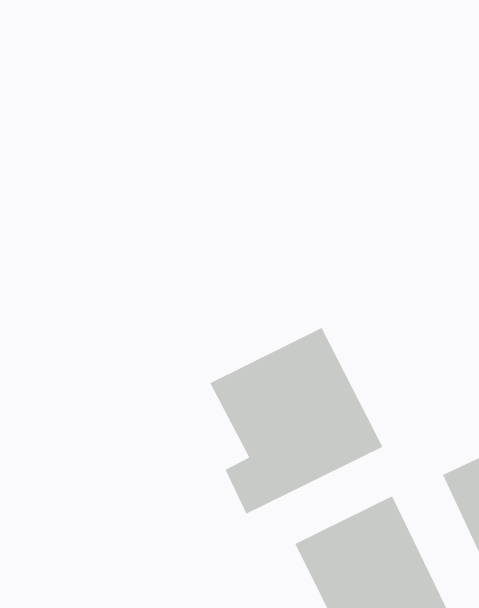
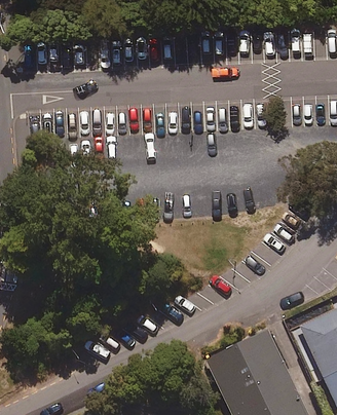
building: [210,327,383,515] -> none

